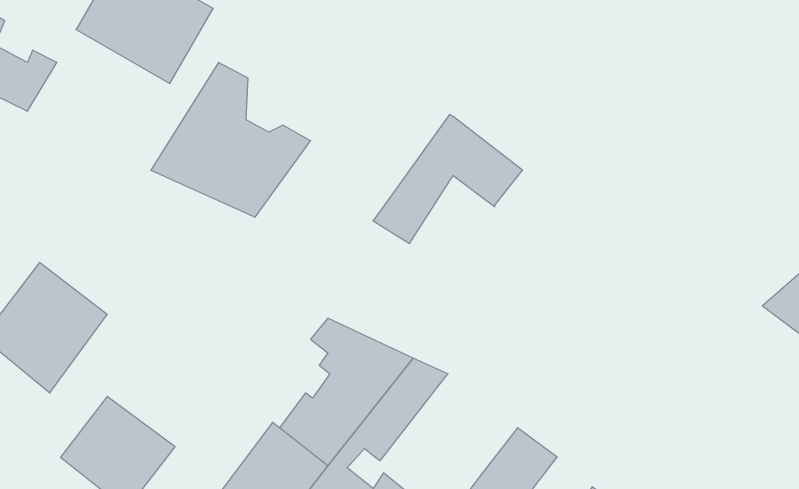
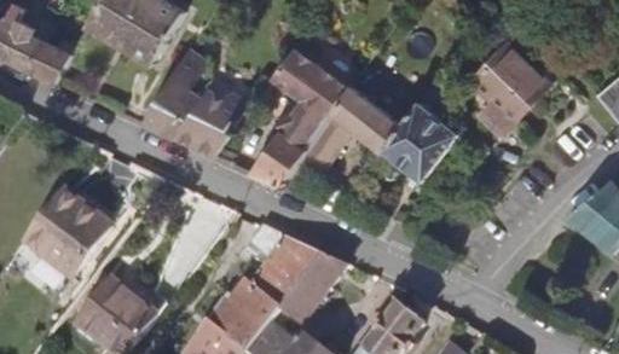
building: none -> [468,13,560,137]
building: none -> [249,37,348,186]
building: none -> [380,76,458,179]

